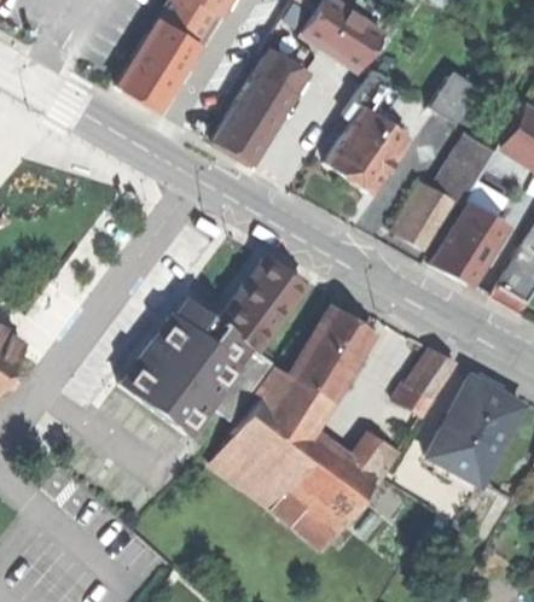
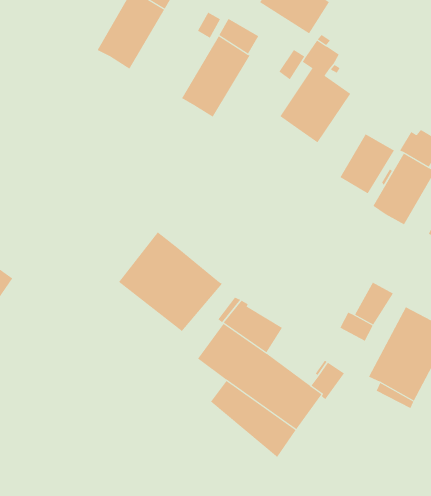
building: [430,76,477,124] -> none
building: [435,140,491,204] -> none
building: [213,251,312,350] -> none
building: [291,308,375,402] -> none
building: [121,350,217,436] -> none
building: [210,432,267,485] -> none

